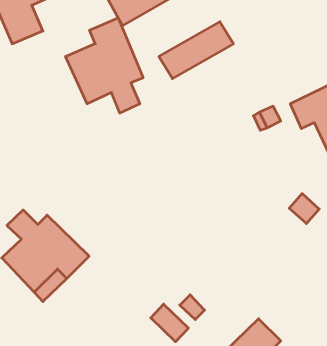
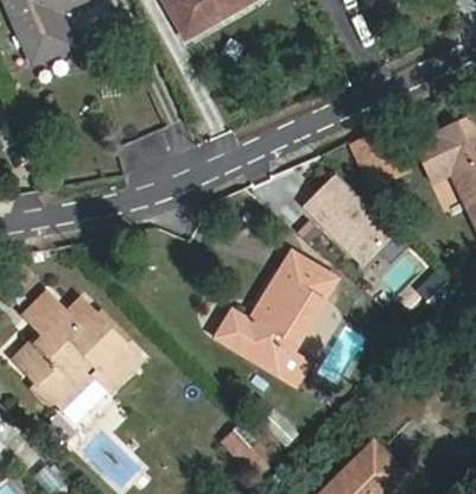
building: [66,18,143,113] -> none
building: [159,22,233,79] -> none
building: none -> [307,176,398,262]
building: none -> [218,253,332,382]

